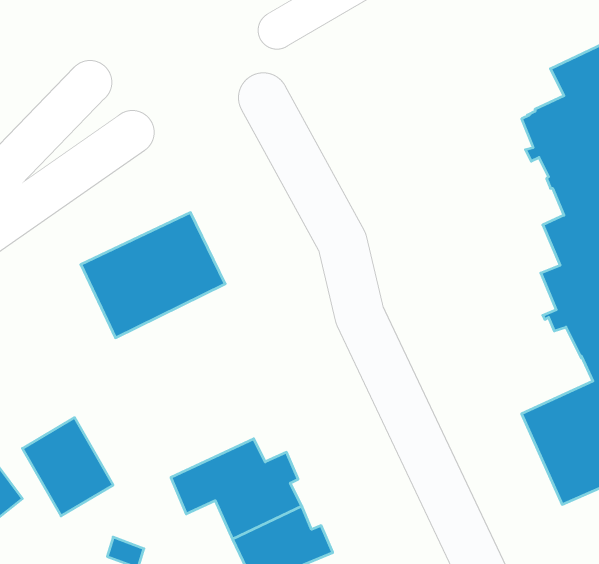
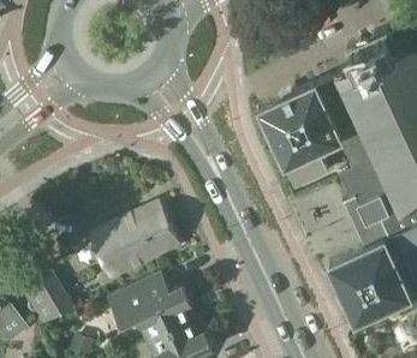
building: none -> [258,77,356,189]
building: [81,213,225,338] -> [90,203,180,281]

